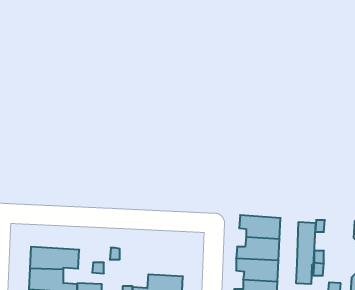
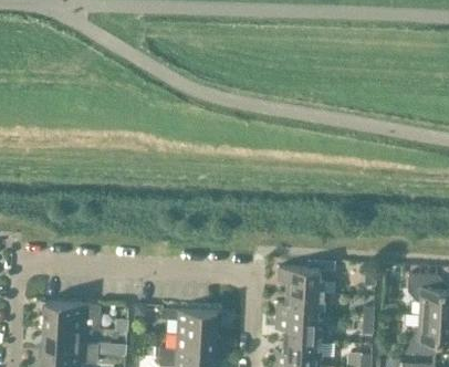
building: [296,222,316,284] -> none
building: none -> [160,310,216,336]

